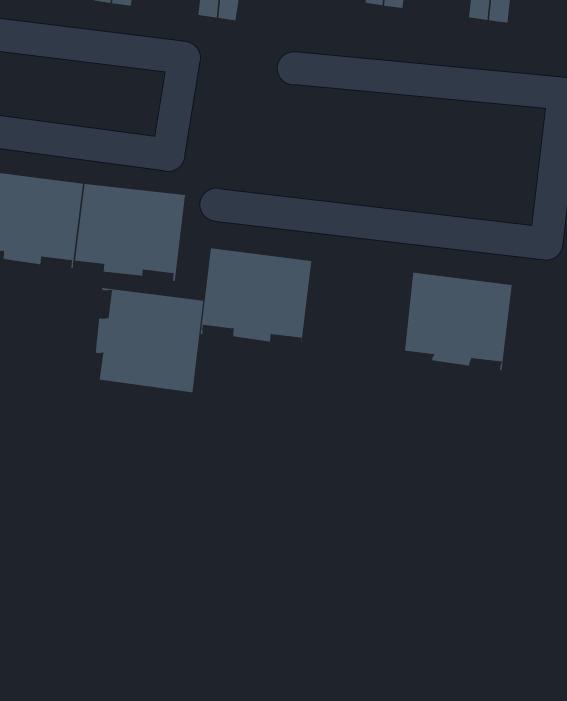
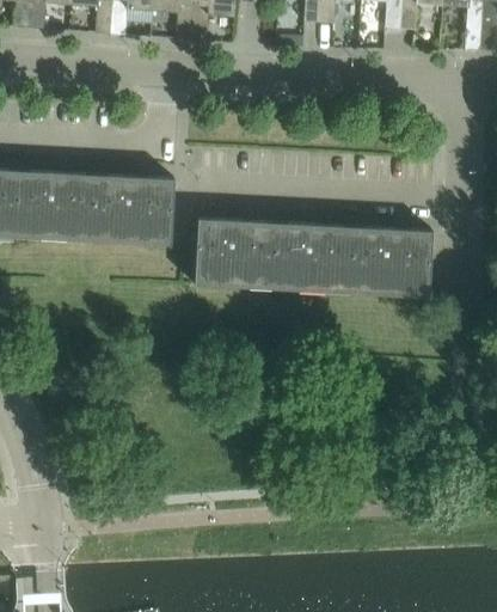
building: none -> [272,224,354,293]
building: [95,287,204,393] -> none

